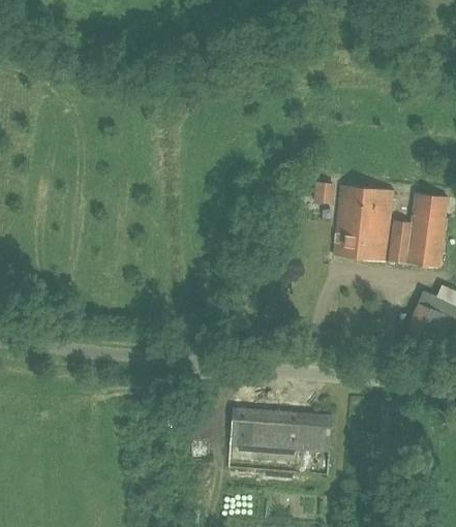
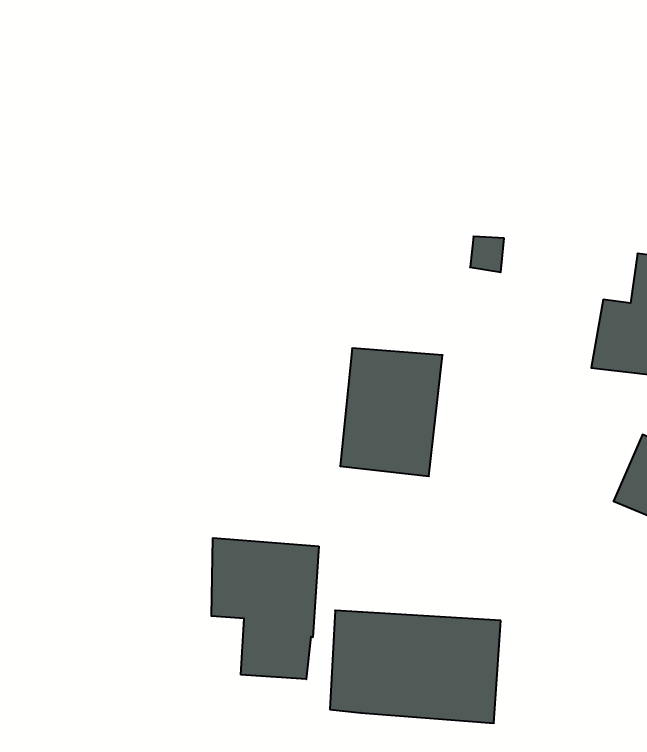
building: [332,184,394,261] -> [340,348,443,476]
building: none -> [211,538,319,679]

